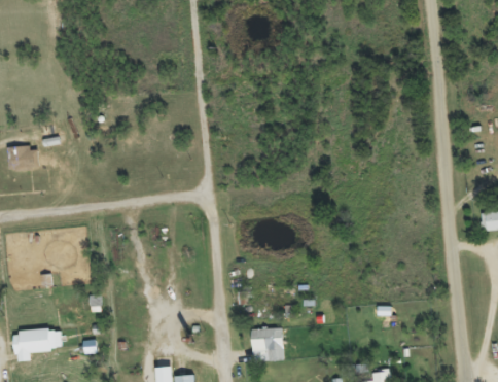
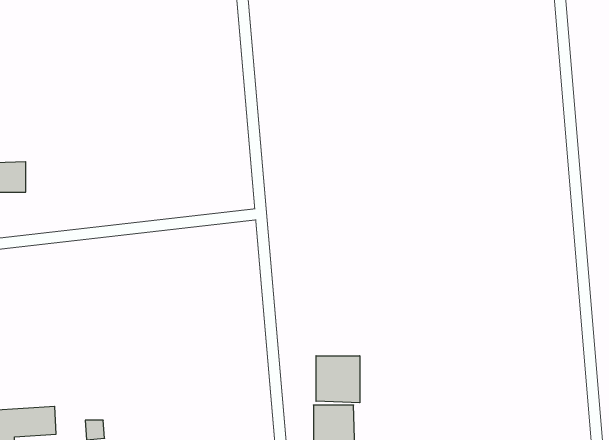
building: none -> [316,356,360,403]

